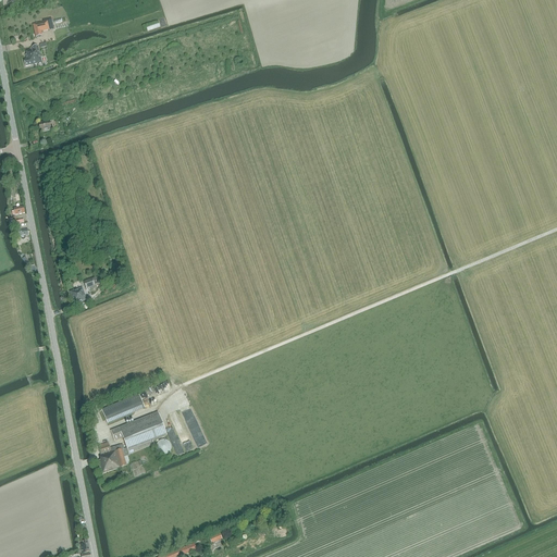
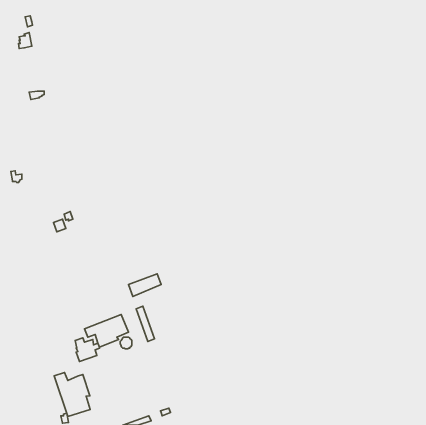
building: [103,392,146,421] -> [129,274,161,296]
building: none -> [54,372,90,416]

